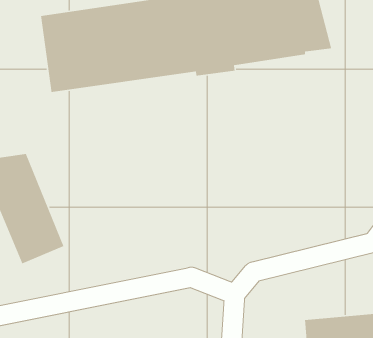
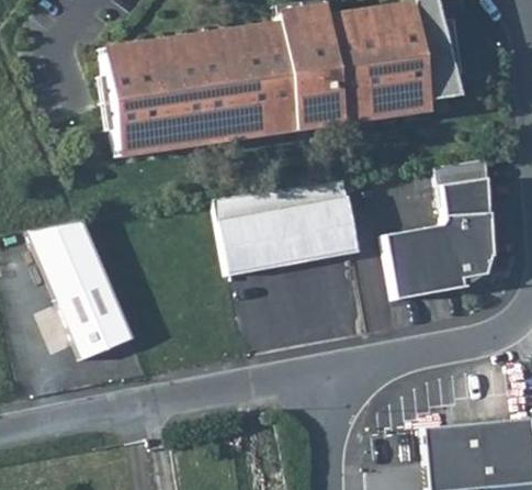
building: none -> [384,159,494,301]
building: none -> [216,181,358,276]

